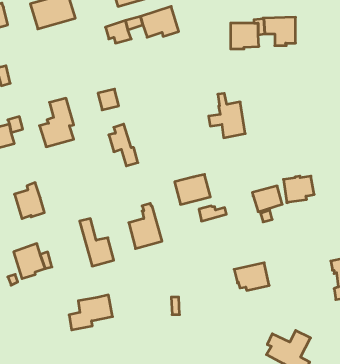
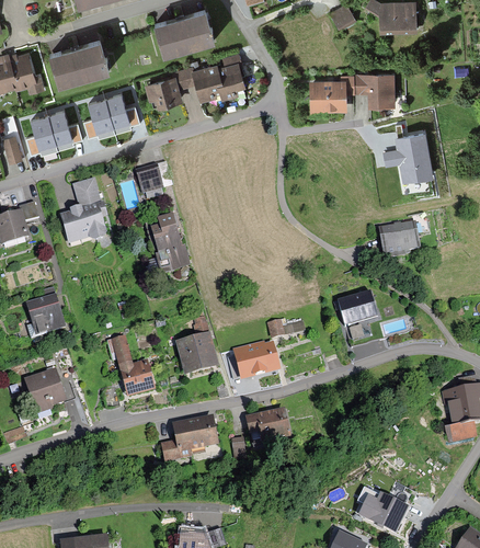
building: none -> [12,55,44,92]
building: none -> [83,95,139,137]
building: none -> [25,112,82,153]
building: [209,93,245,138] -> [384,122,432,180]
building: [175,174,210,204] -> [235,341,282,380]
building: [283,176,314,203] -> [379,222,420,258]
building: [234,263,269,290] -> [245,408,292,444]
building: [69,295,113,330] -> [161,415,218,461]

